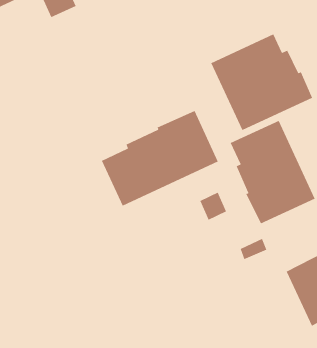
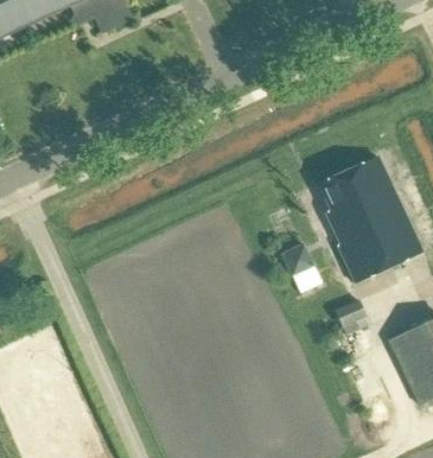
building: [211,34,313,131] -> none
building: [101,110,219,206] -> none

